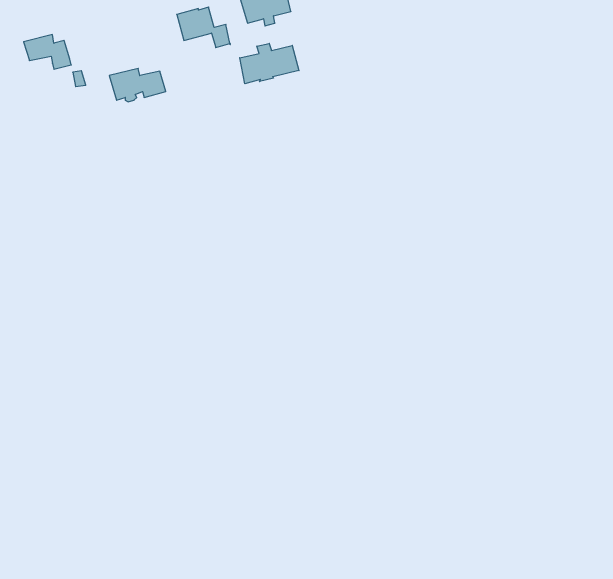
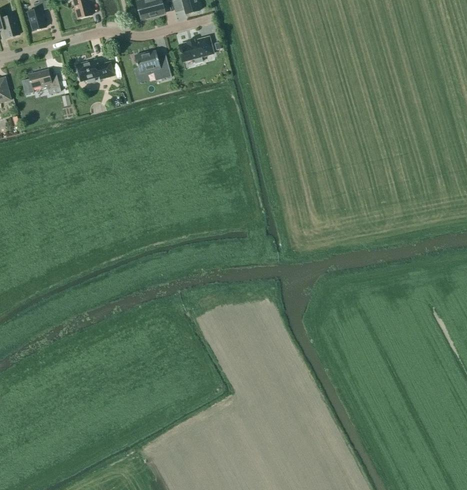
building: [240,43,299,84] -> none
building: [109,68,166,102] -> [76,60,115,83]

